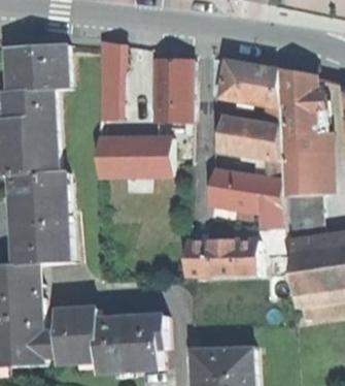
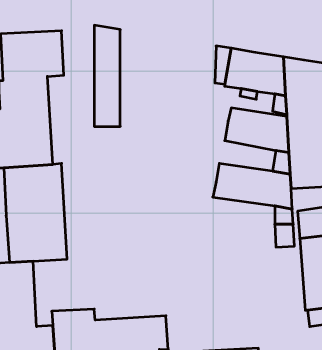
building: [154,59,191,122] -> none
building: [97,135,170,172] -> none
building: [187,240,256,276] -> none

